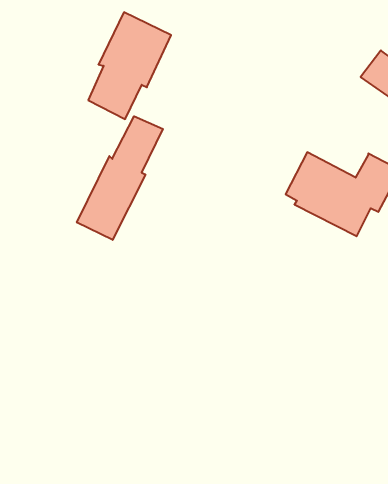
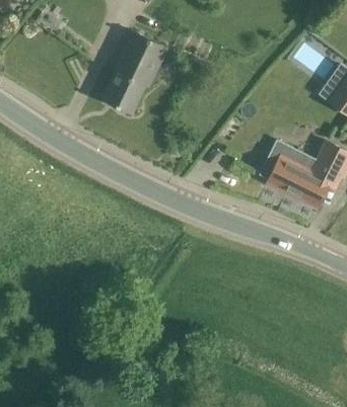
building: [77,116,163,240] -> none

